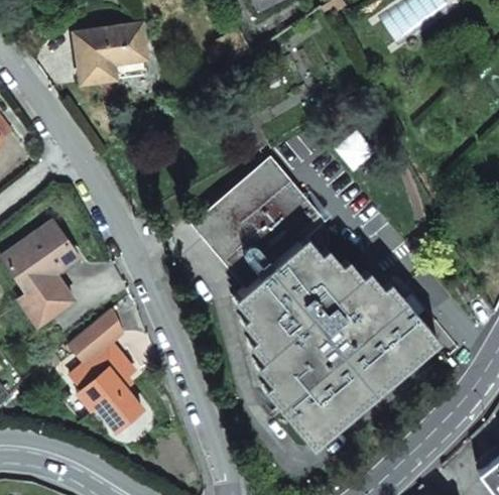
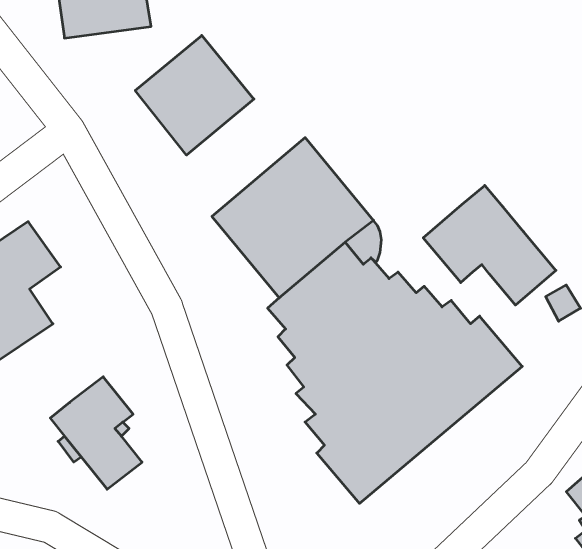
building: none -> [135,35,254,155]
building: none -> [423,185,556,305]
building: [70,311,123,364] -> none

